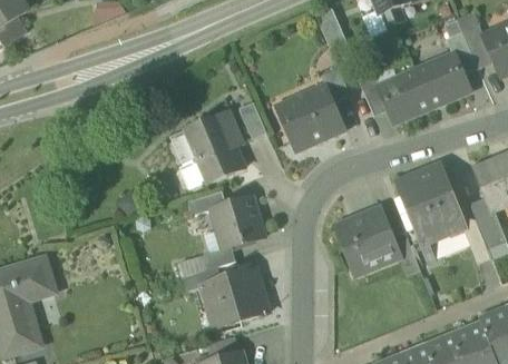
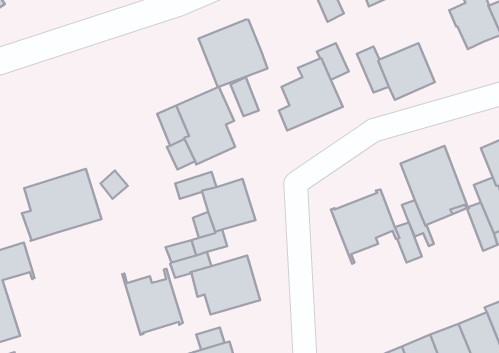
building: none -> [199,20,268,87]
building: [418,52,471,105] -> none
building: none -> [22,169,102,241]
building: none -> [122,269,183,335]

